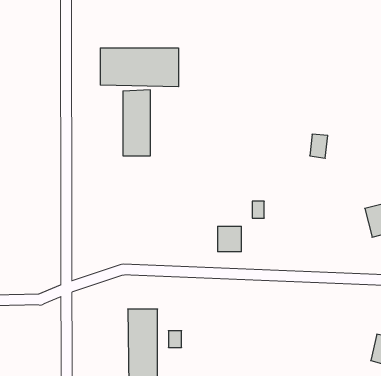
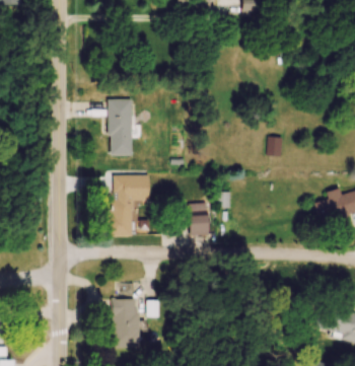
building: [100,48,178,87] -> none
building: none -> [106,174,149,236]

